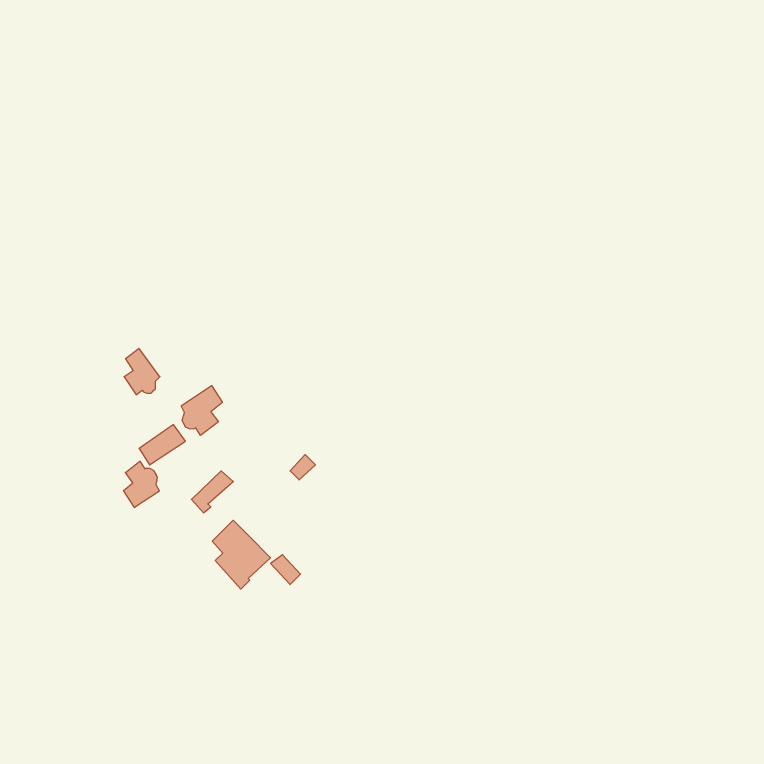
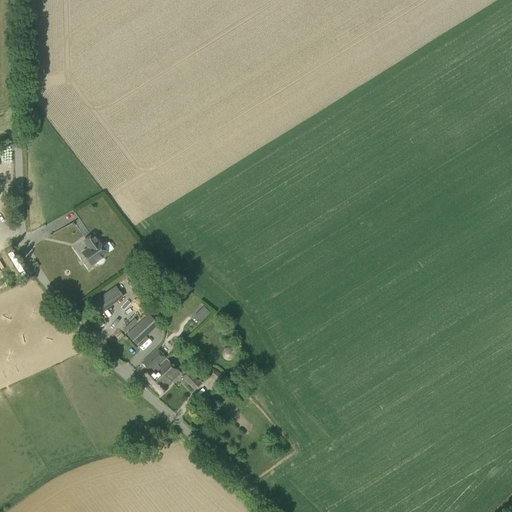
building: [181,386,222,435] -> none
building: [124,461,159,508] -> none

